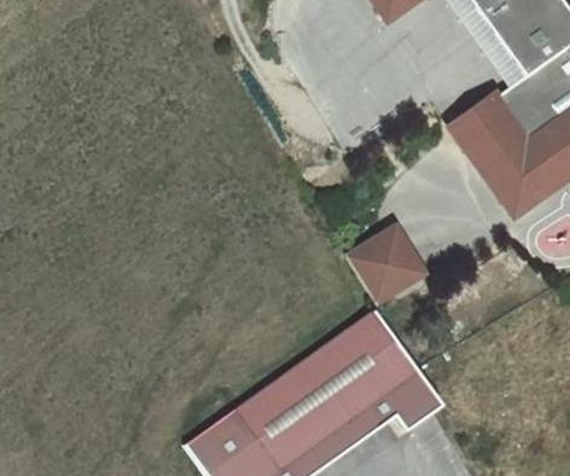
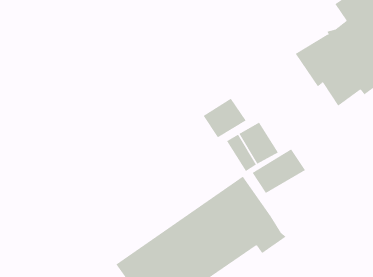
building: none -> [203,98,247,138]
building: none -> [252,149,306,194]

